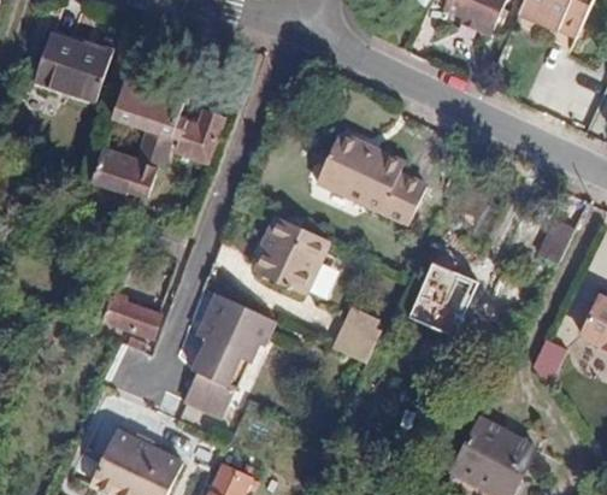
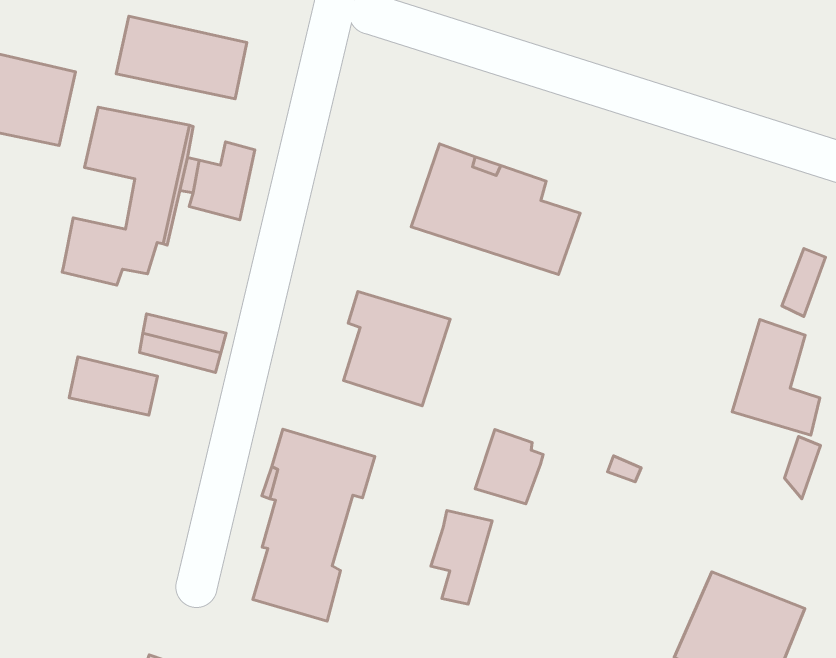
building: none -> [116,16,247,99]
building: [408,260,465,337] -> [732,320,820,435]
building: [104,295,161,337] -> [69,357,158,415]
building: none -> [431,511,492,604]

